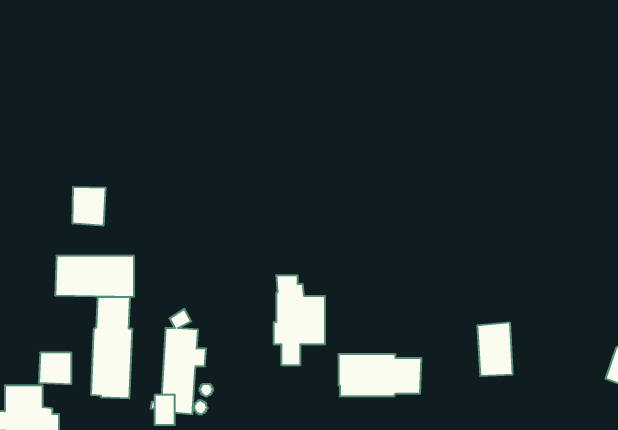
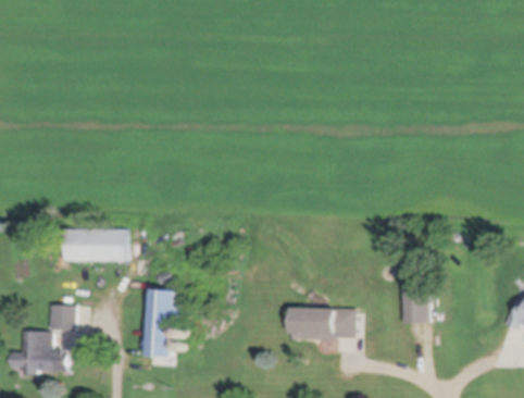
building: [73,187,105,226] -> none
building: [274,275,325,365] -> none
building: [91,297,132,399] -> none

